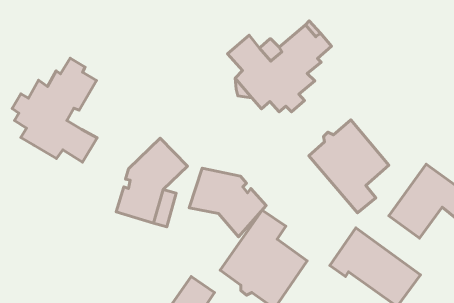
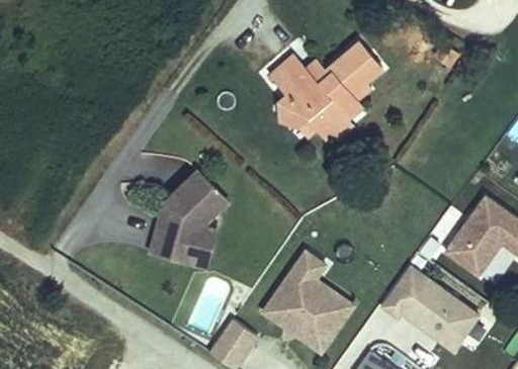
building: [12,58,97,162] -> none
building: [309,120,389,213] -> none
building: [189,168,266,237] -> none

